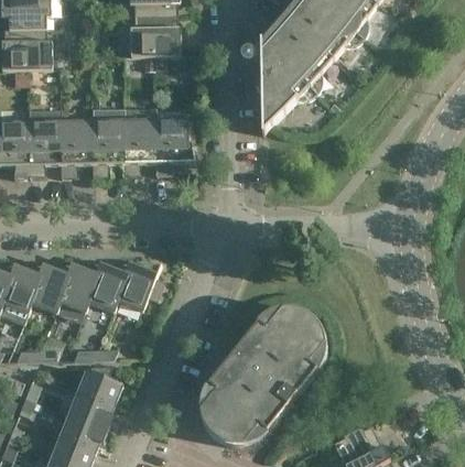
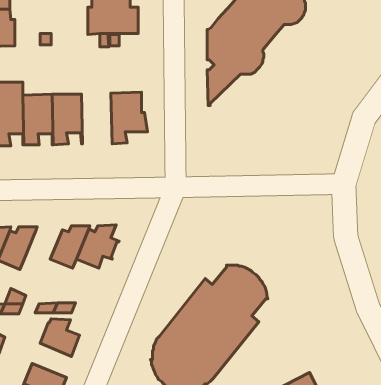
building: [122,107,155,176] -> none
building: [60,265,102,313] -> none
building: [68,393,111,431] -> none

